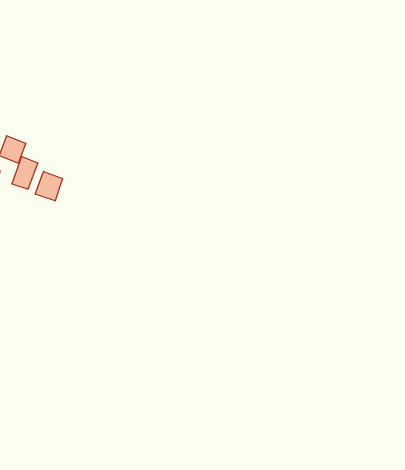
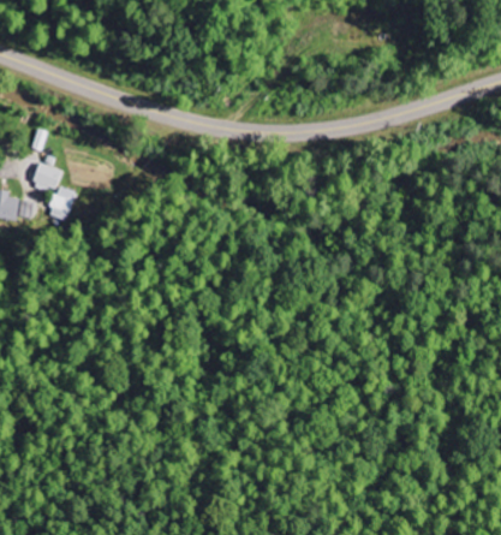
building: [35,171,63,201] -> none

